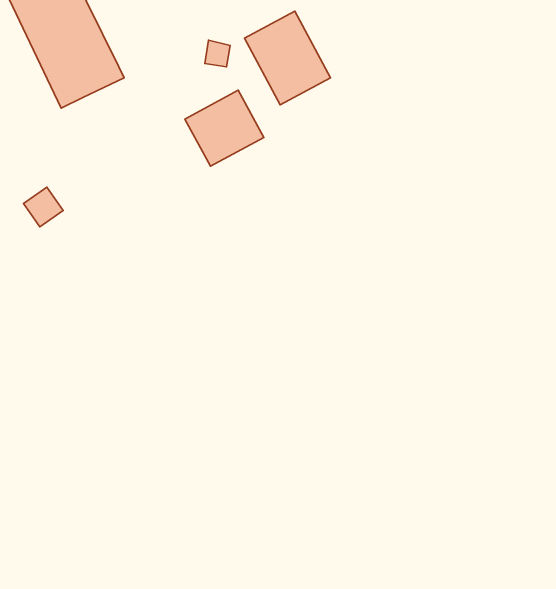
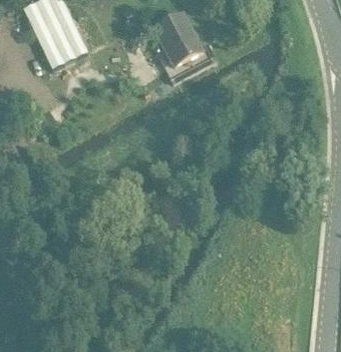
building: [185,90,264,166] -> none

